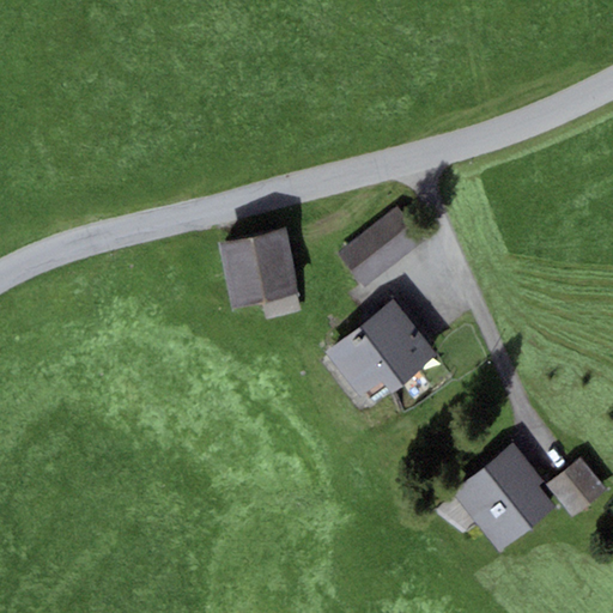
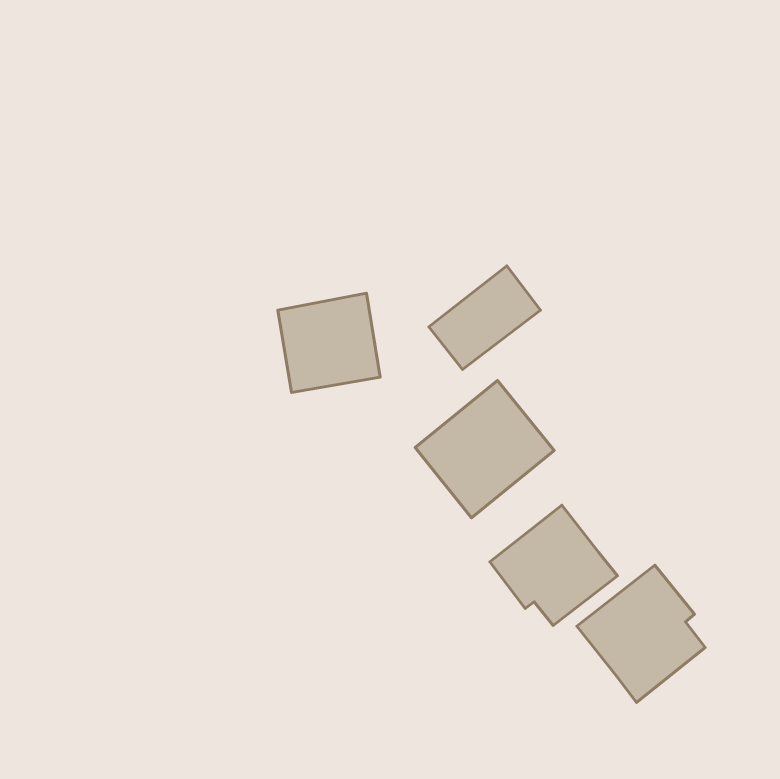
building: none -> [490,505,618,625]
building: [546,457,605,517] -> none

